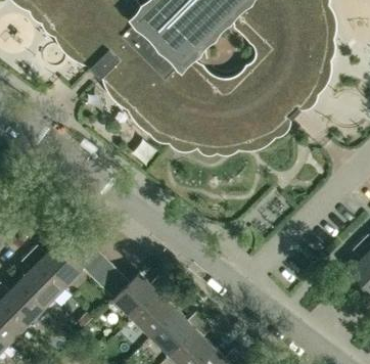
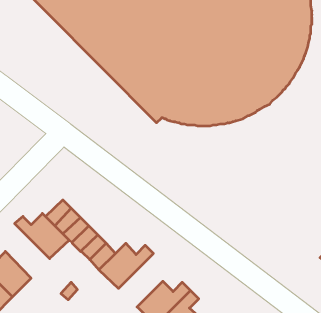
building: [20,253,64,307] -> none
building: [133,282,177,335] -> none

